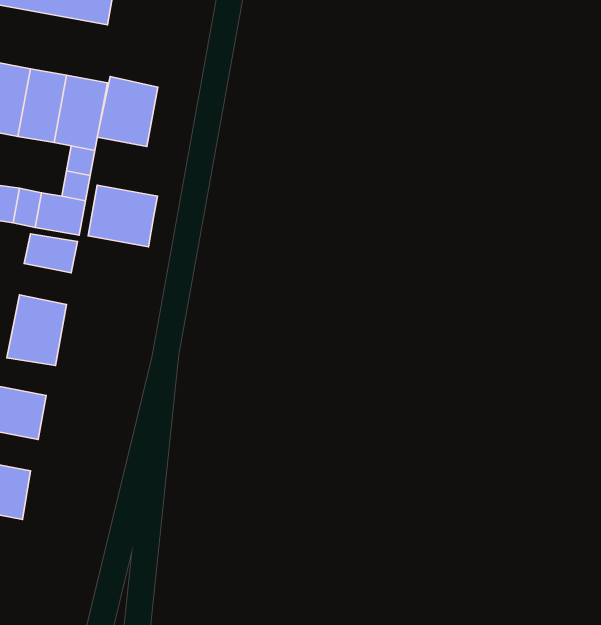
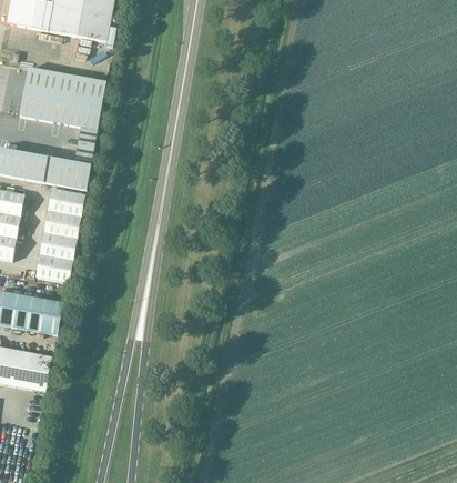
building: [97,77,158,146] -> none
building: [88,185,157,247] -> none
building: none -> [43,210,80,239]

